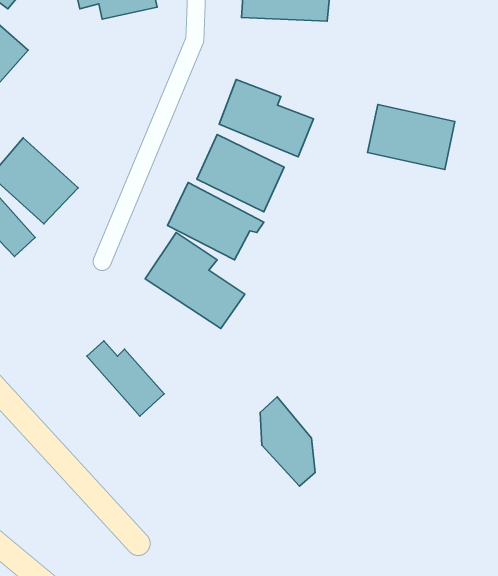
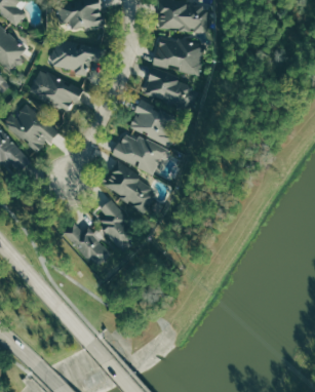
building: none -> [48,38,106,75]
building: none -> [29,71,83,113]
building: [367,104,455,170] -> [152,36,204,75]
building: [260,397,315,486] -> [100,200,132,253]

